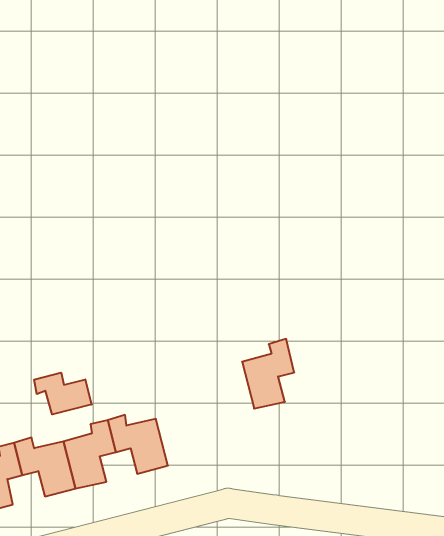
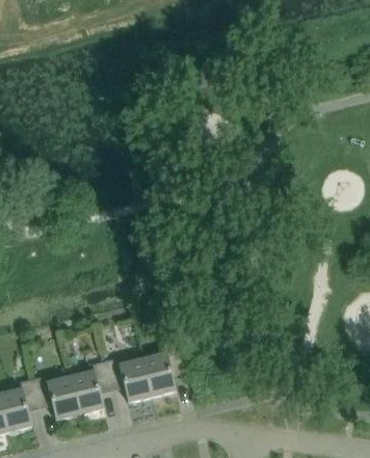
building: [242,339,294,409] -> [142,342,183,396]
building: [34,373,92,414] -> none

